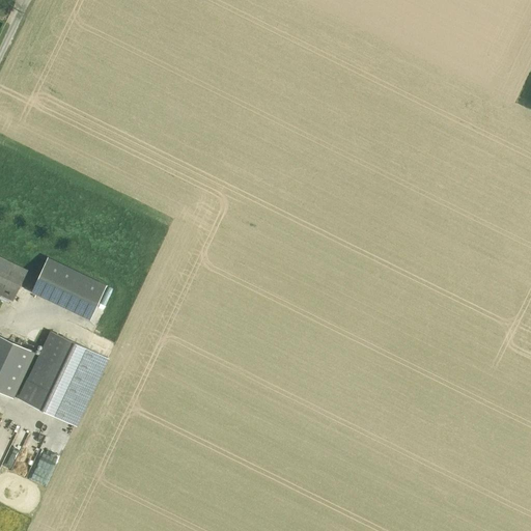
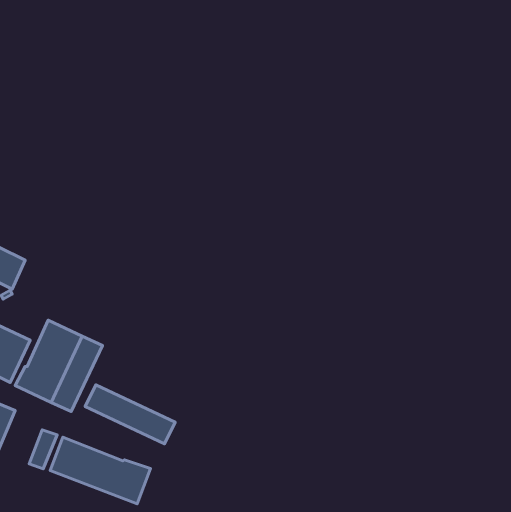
building: [30,257,105,318] -> none
building: none -> [85,385,175,444]
building: none -> [50,437,150,504]

